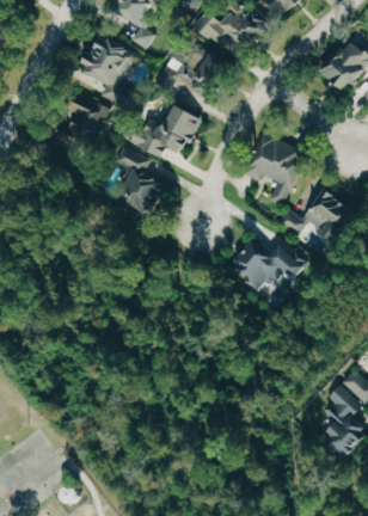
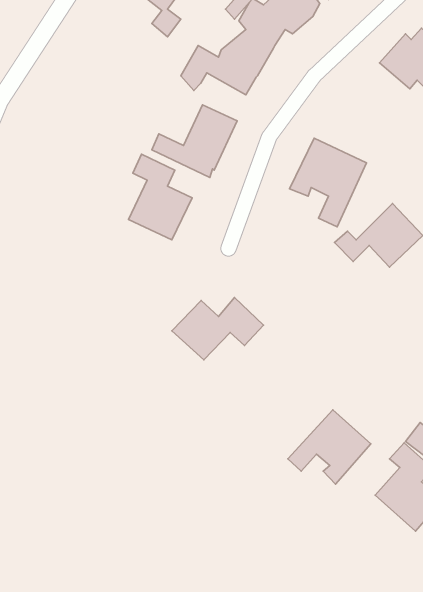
building: [80,35,134,90] -> none
building: [63,93,112,147] -> none
building: [233,240,308,291] -> [172,298,263,360]
building: none -> [288,410,371,484]

